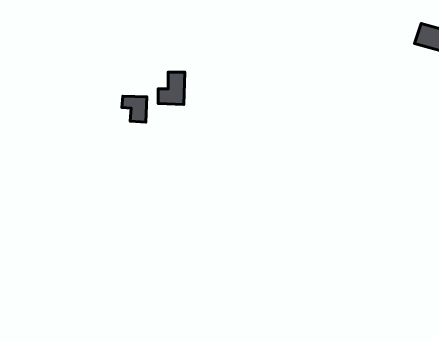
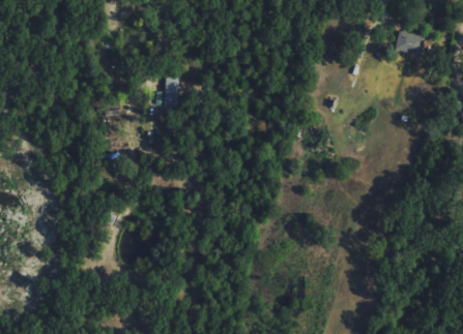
building: [122,96,147,122] -> none

